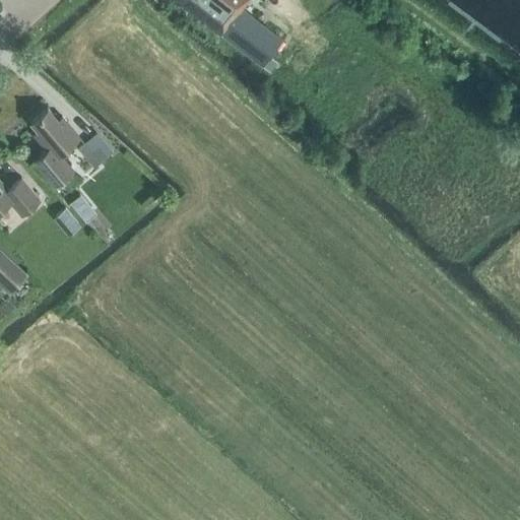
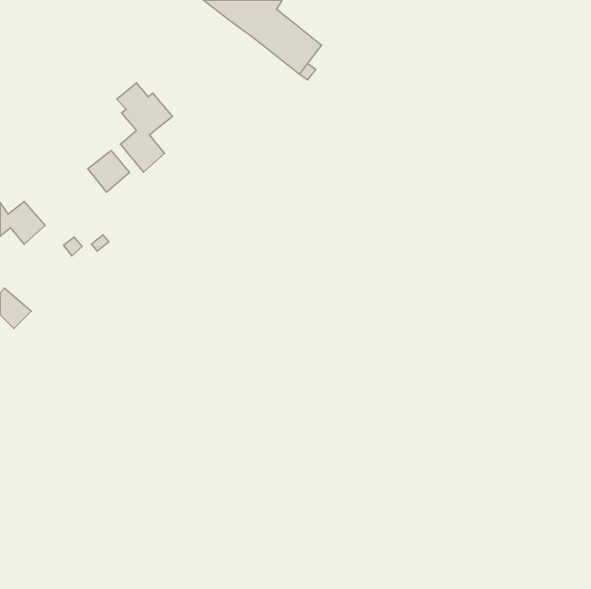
building: [30,109,79,187] -> [117,83,172,172]

